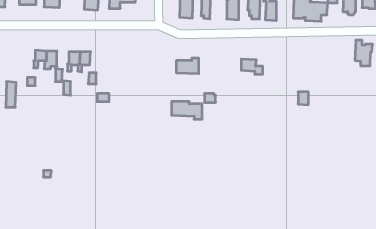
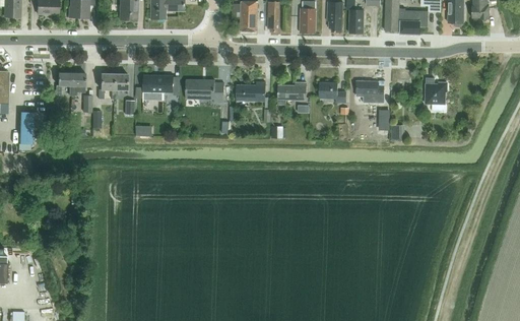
building: [355,40,373,66] -> [425,77,447,110]
building: none -> [142,73,173,100]
building: none -> [355,80,383,98]
building: none -> [277,82,306,104]
building: [172,102,202,119] -> [185,79,223,102]

